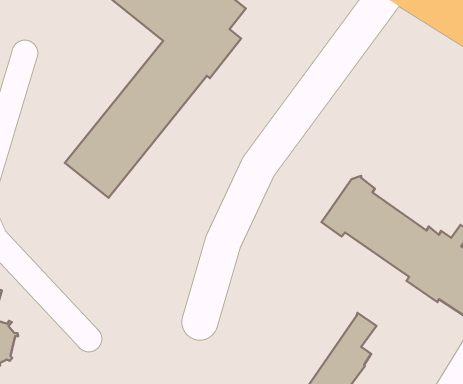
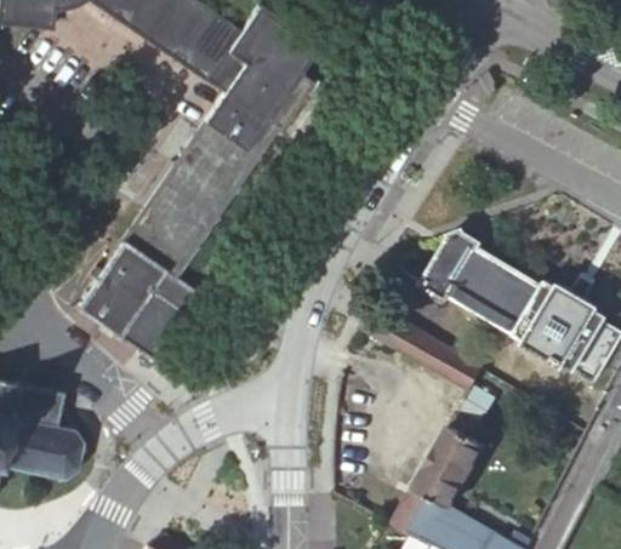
building: none -> [74,241,198,355]
building: none -> [359,304,482,390]

